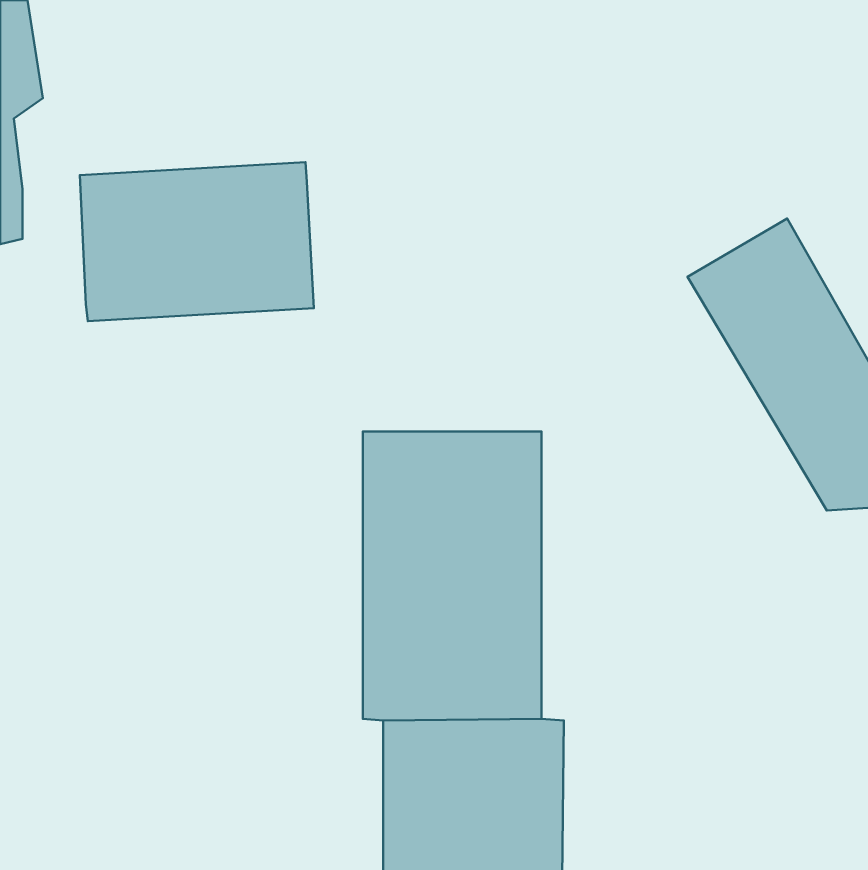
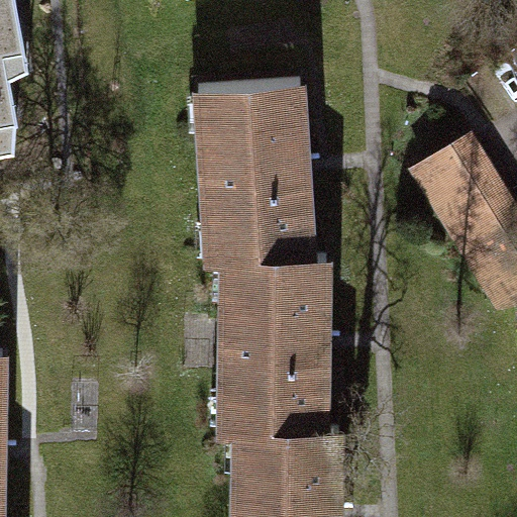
building: none -> [194,81,310,258]
building: [80,162,314,321] -> none

